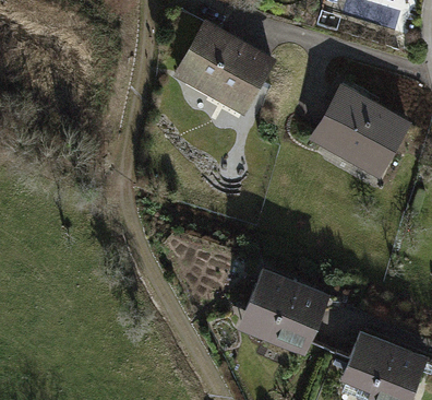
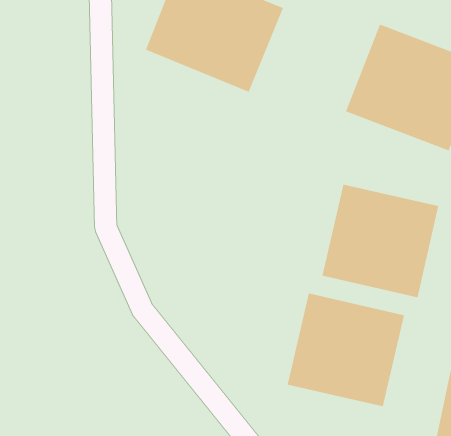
building: none -> [322,184,439,298]

